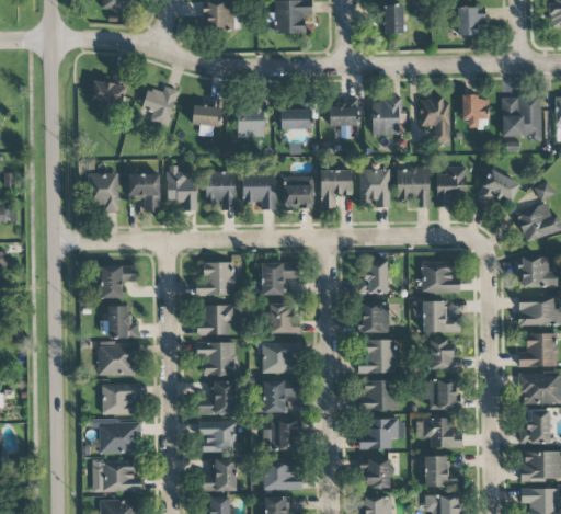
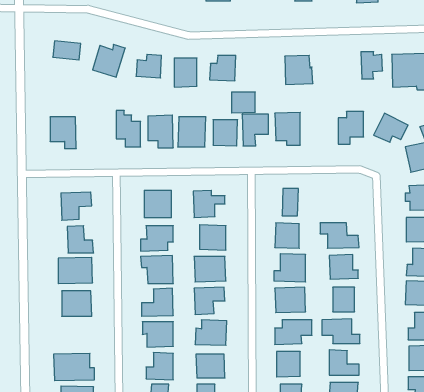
building: [420,99,449,144] -> none
building: [329,102,357,127] -> [232,92,255,113]
building: [396,169,428,208] -> none
building: [127,174,160,213] -> none
building: [420,262,456,294] -> none
building: [98,424,138,455] -> none

